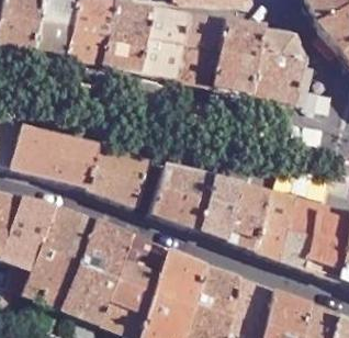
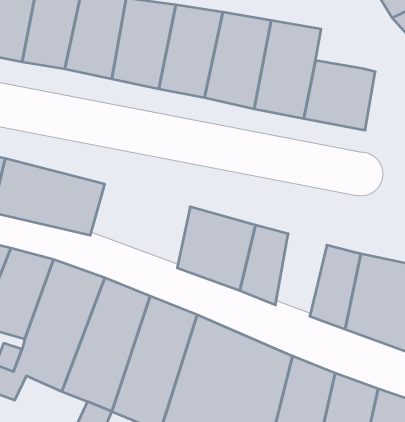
building: [258,27,304,60] -> none
building: [85,147,149,206] -> none
building: [227,185,267,249] -> none

